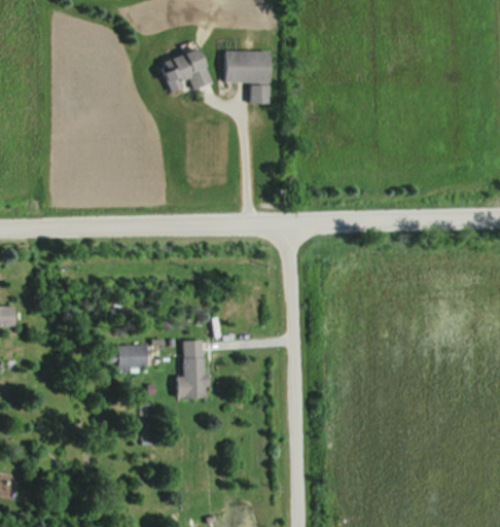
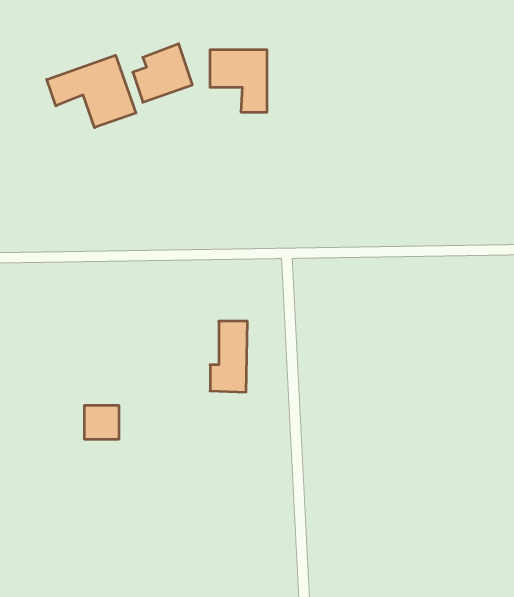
building: none -> [47,55,136,128]
building: [176,341,207,399] -> [210,321,247,392]

